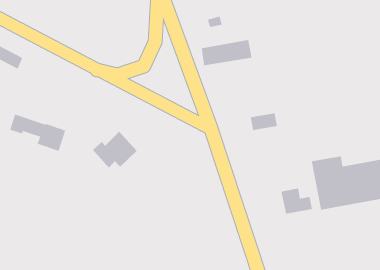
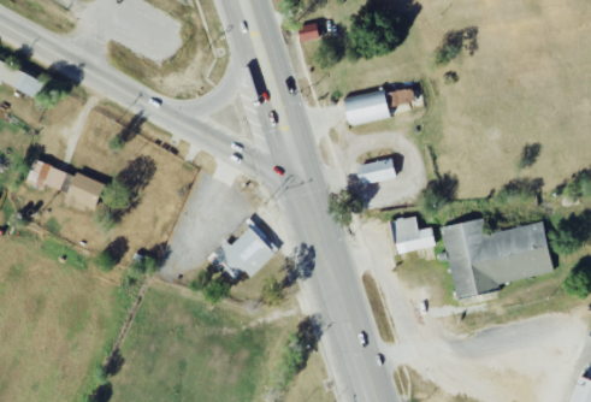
building: [201,39,252,66] -> [344,87,415,124]
building: [92,131,138,168] -> [213,226,276,278]
building: [280,188,313,215] -> [391,215,436,253]

